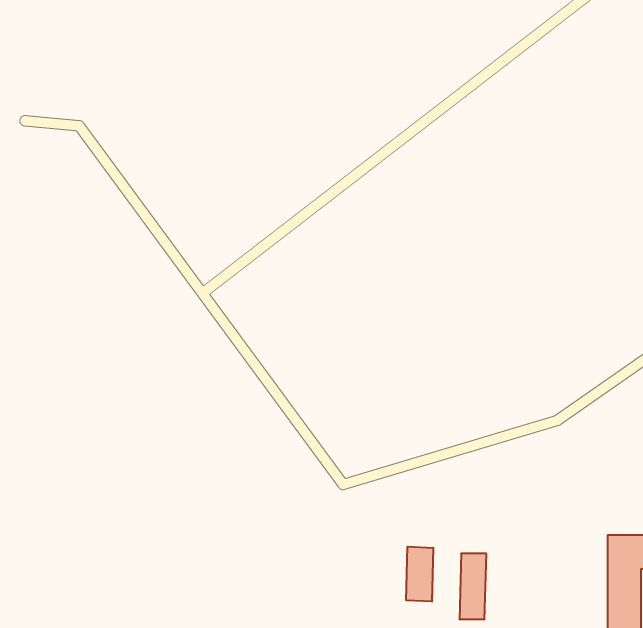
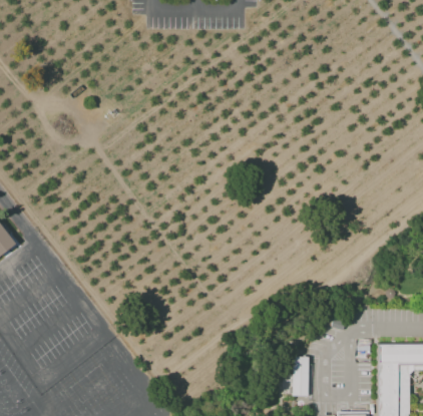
building: [406,547,433,602] -> none

